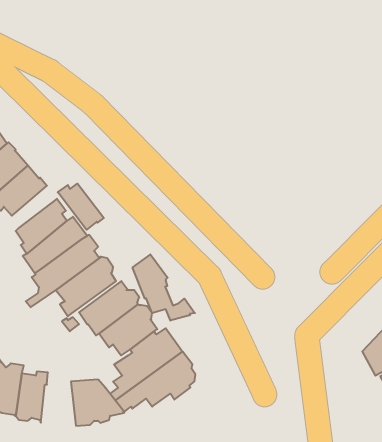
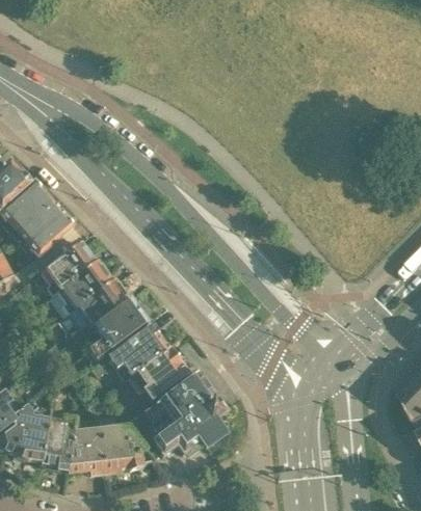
building: [58,184,104,230] -> none
building: [133,254,195,321] -> none
building: none -> [64,427,101,474]

